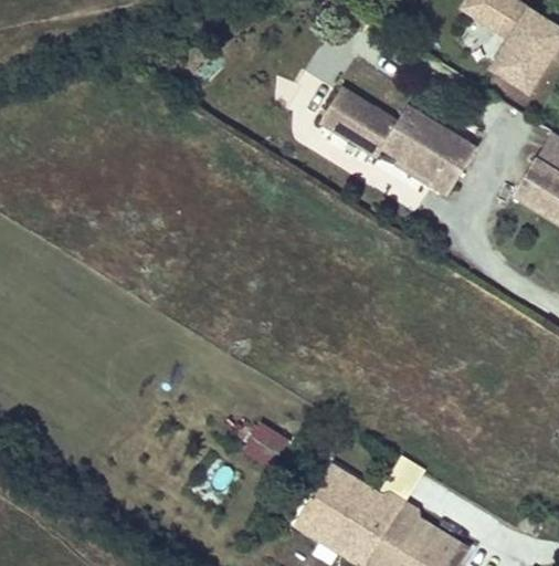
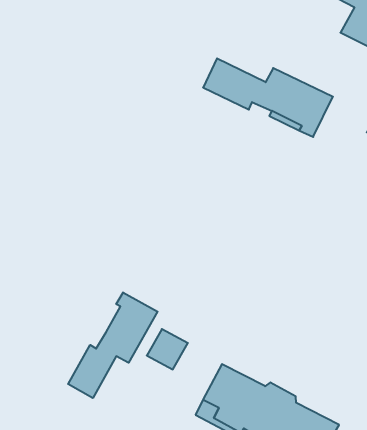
building: none -> [68,292,158,398]

